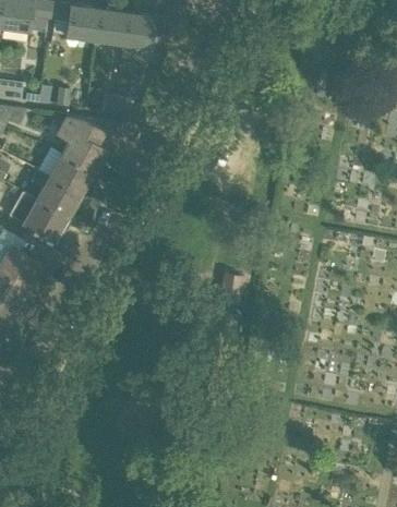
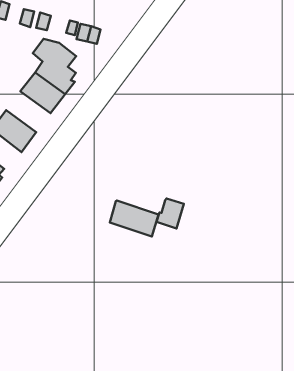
building: [26,170,79,219] -> none
building: none -> [110,201,158,236]

